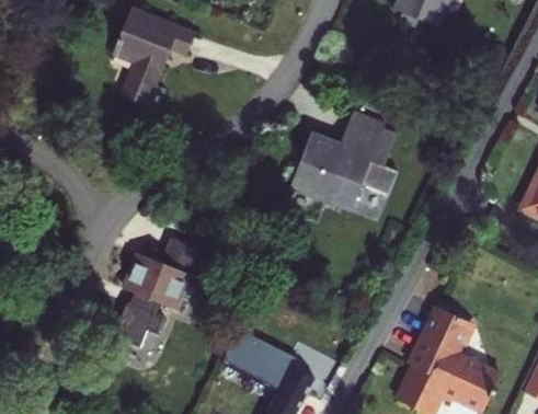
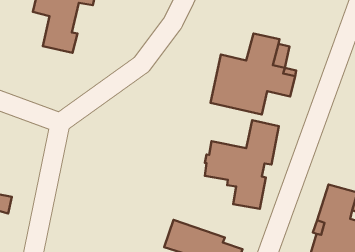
building: none -> [205,120,279,209]
building: [116,234,208,344] -> none

